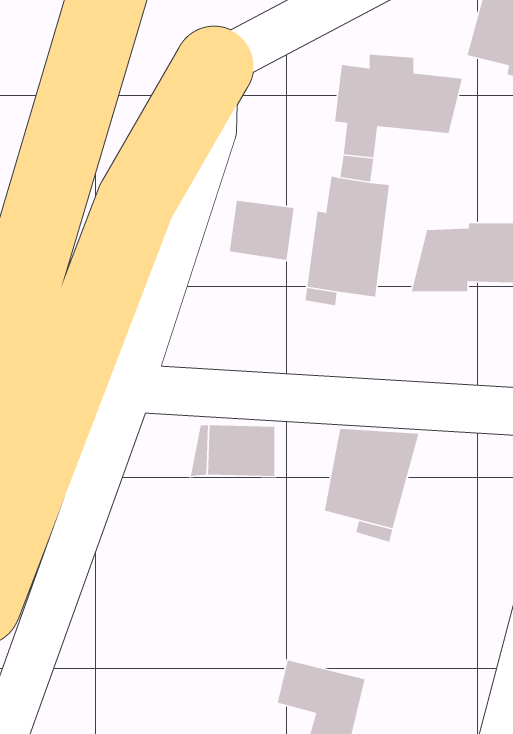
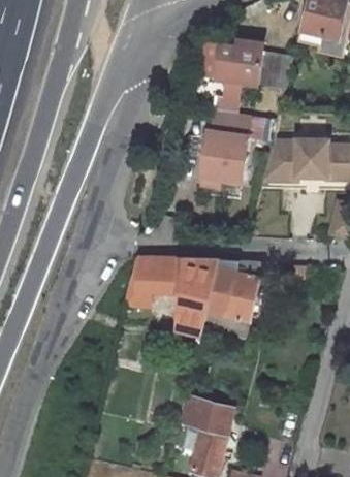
building: [229,200,294,261] -> none
building: none -> [178,259,217,336]

